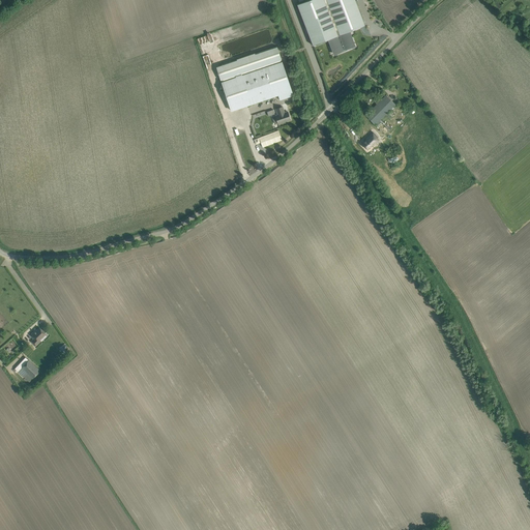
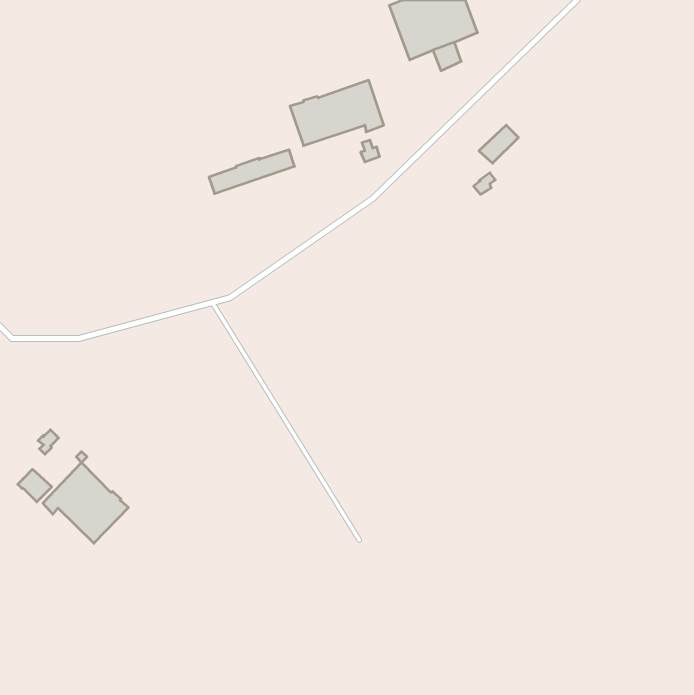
building: [215,47,281,80] -> [209,150,295,194]
building: none -> [43,462,128,543]

